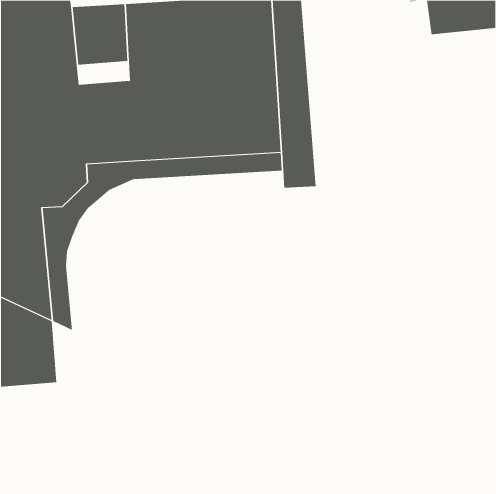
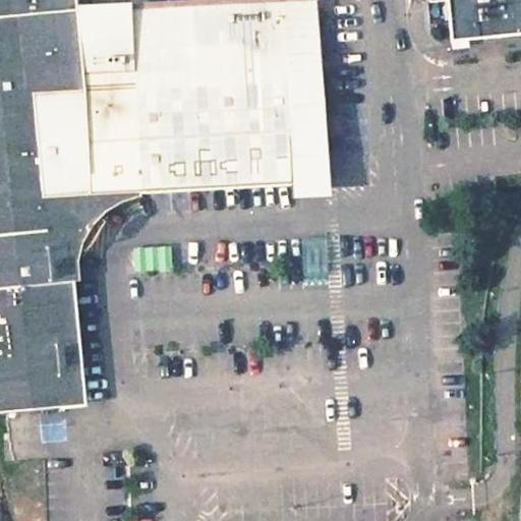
building: none -> [81,66,135,91]
building: none -> [55,339,81,403]

